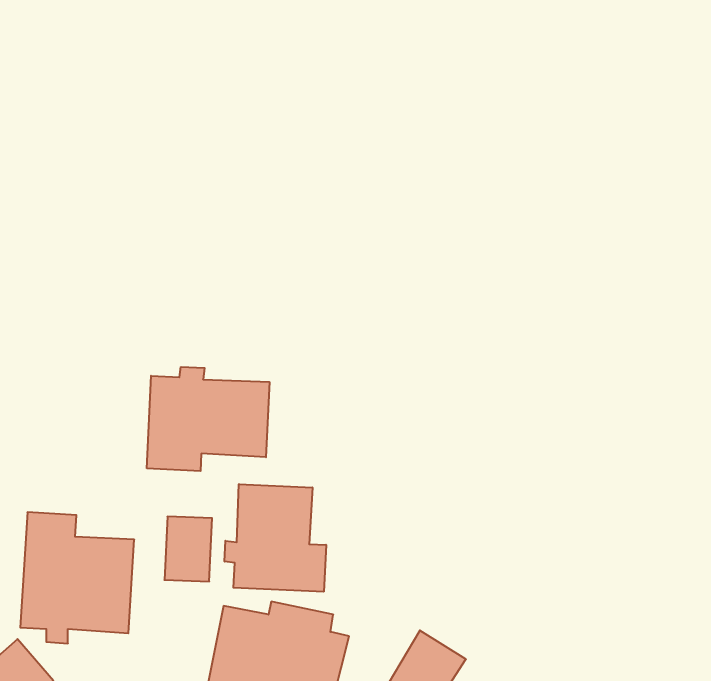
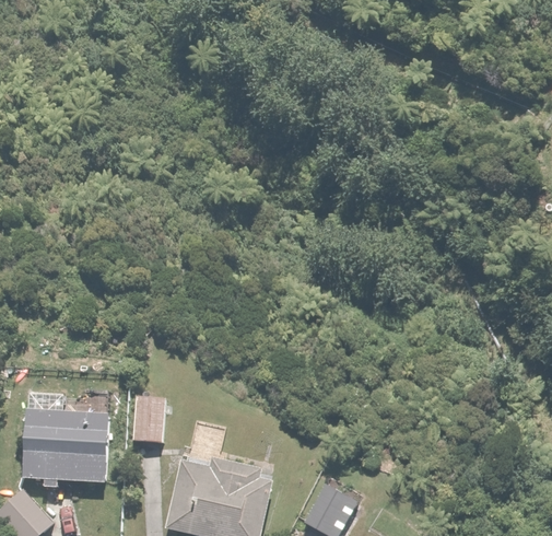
building: [147,367,269,471] -> none
building: [225,484,326,592] -> none

